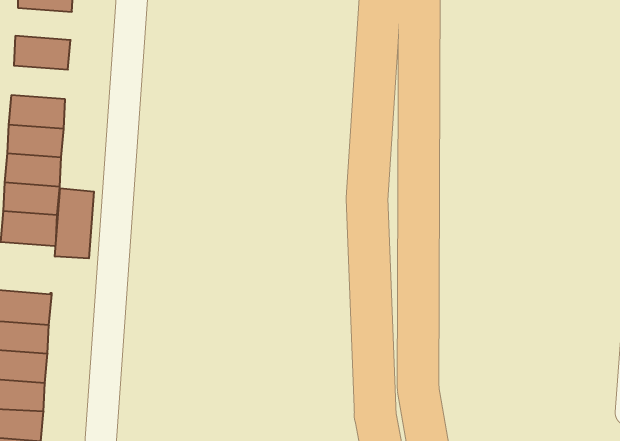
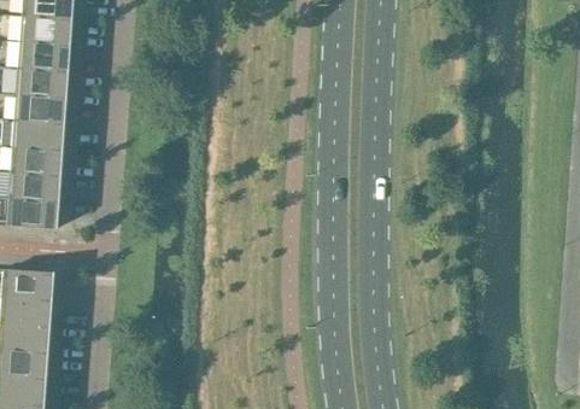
building: none -> [20,14,71,43]
building: none -> [17,66,68,97]
building: [55,188,94,258] -> none

